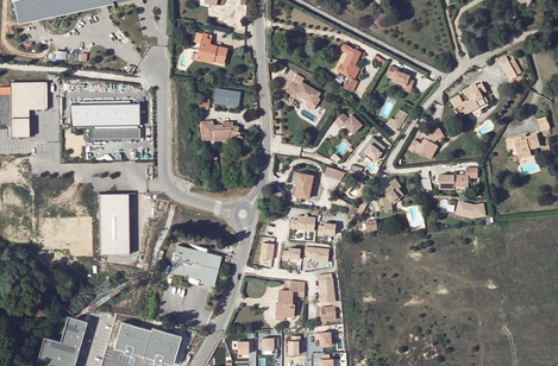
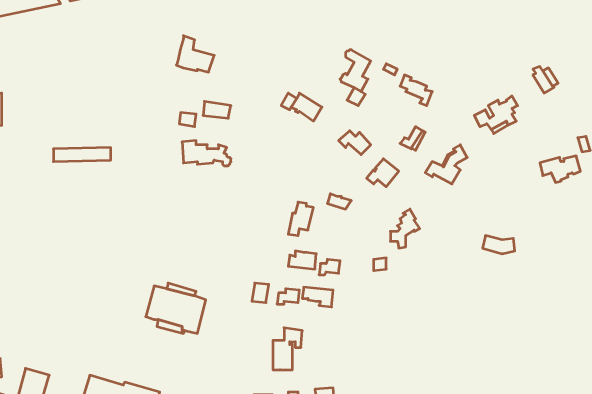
building: [69,103,139,126] -> none
building: [438,168,477,189] -> none
building: [98,193,128,254] -> none
building: [318,273,339,321] -> none

